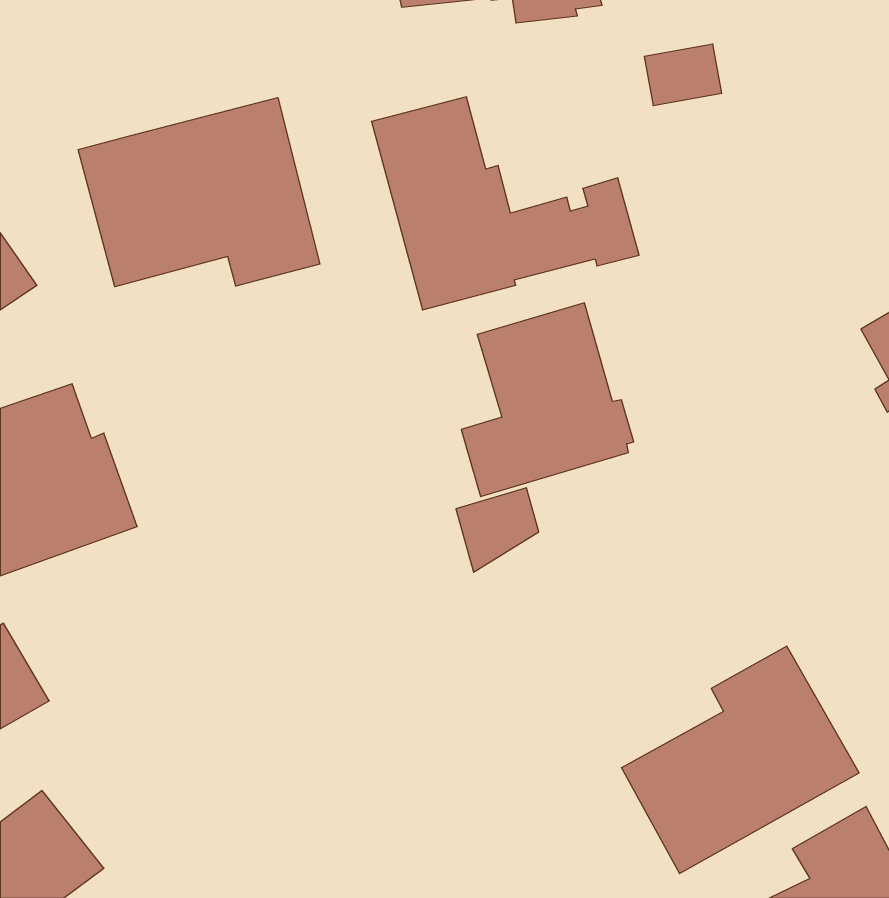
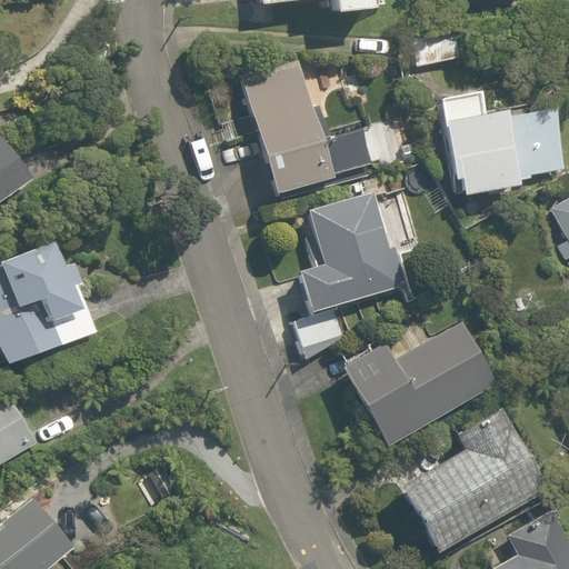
building: [78,98,320,287] -> none
building: none -> [441,94,562,196]
building: none -> [341,320,499,446]

